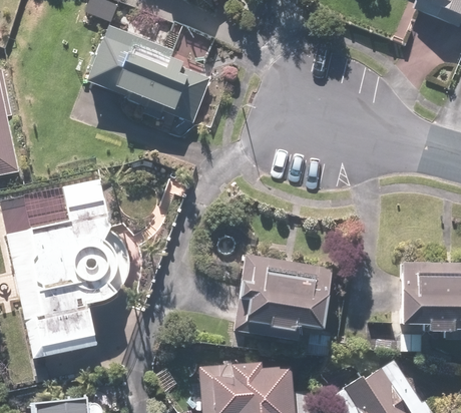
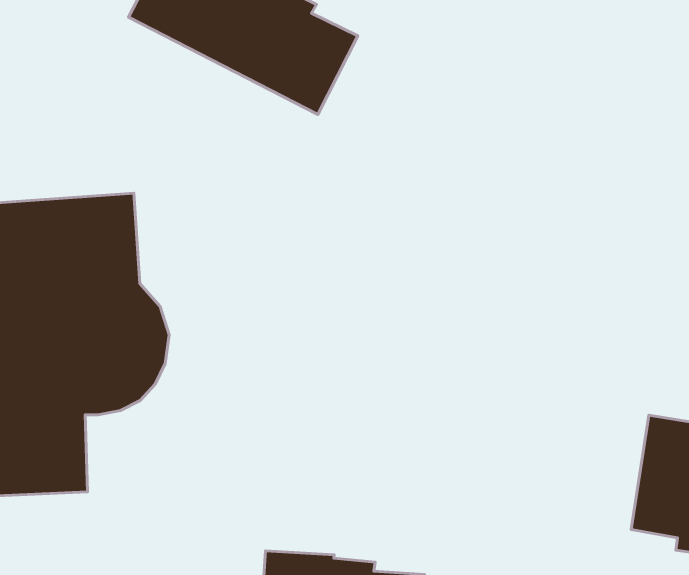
building: [230,255,333,343] -> none

